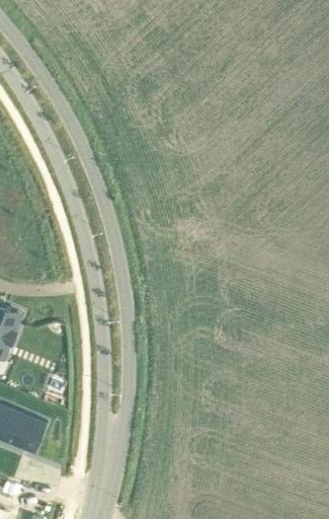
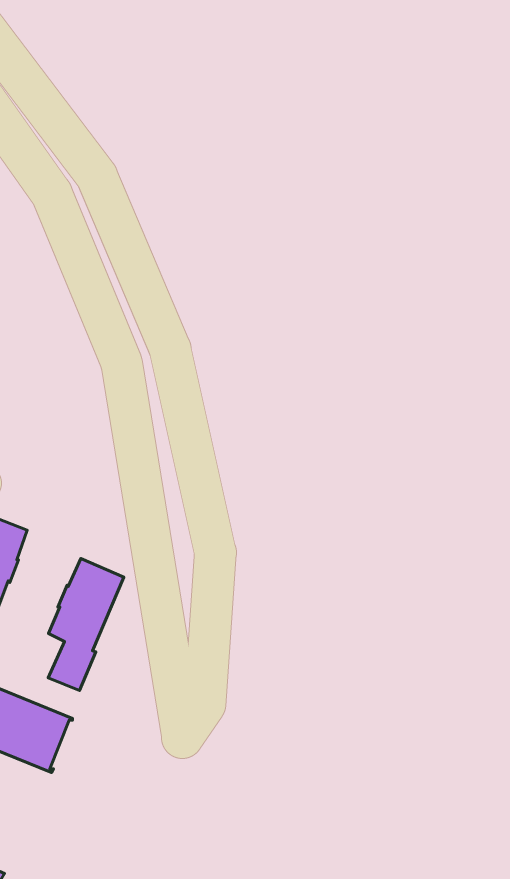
building: none -> [48,558,124,691]

